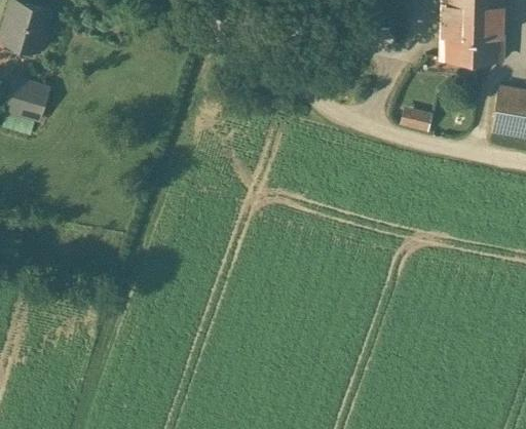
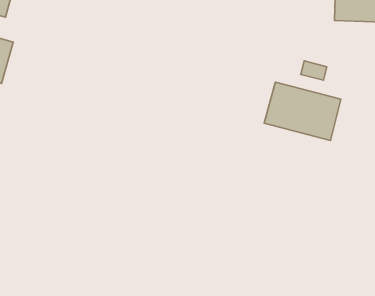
building: none -> [264,82,341,140]

